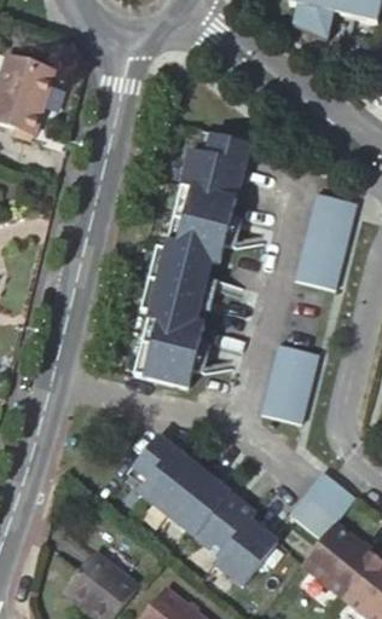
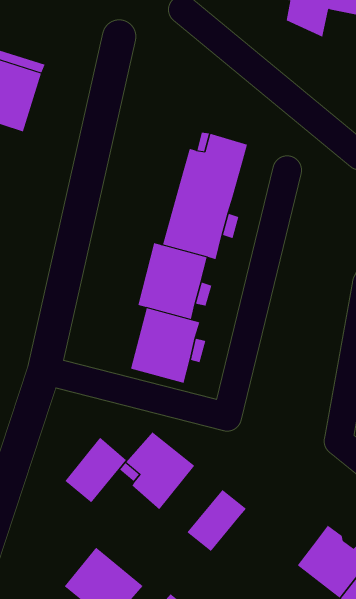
building: [294,195,353,294] -> none
building: [260,342,316,423] -> none
building: [166,467,227,532] -> [64,437,127,503]
building: [285,473,352,540] -> none
building: [210,516,273,582] -> none

